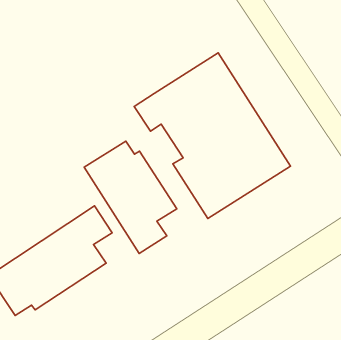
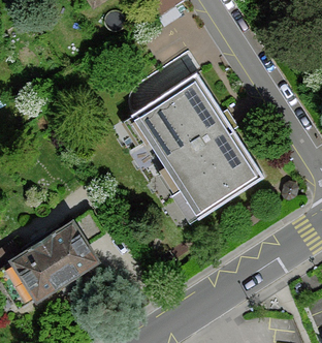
building: [84,141,177,254] -> none

